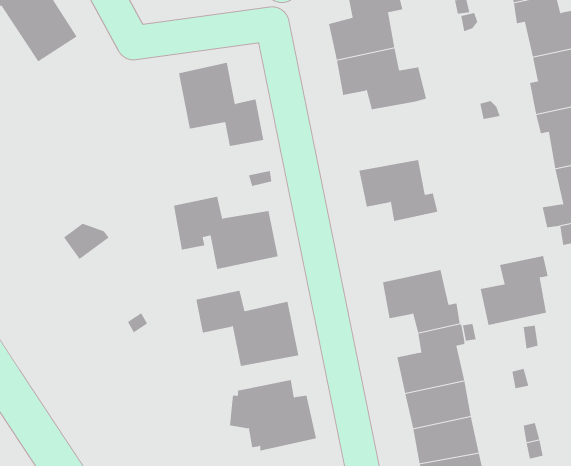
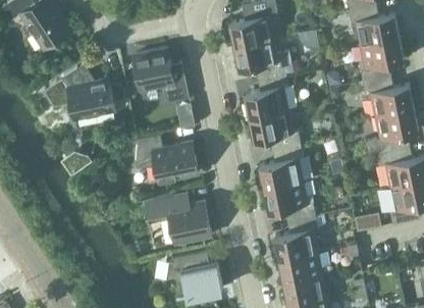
building: none -> [42,68,114,120]
building: none -> [244,74,287,118]
building: [480,255,549,326] -> [259,145,303,190]

